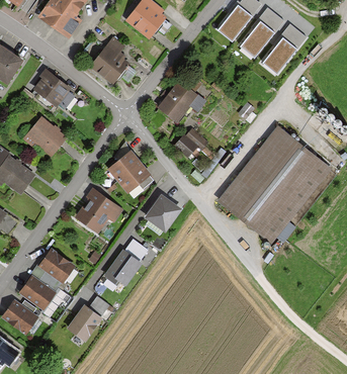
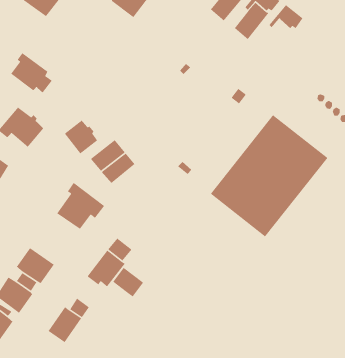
building: [90,37,125,82] -> none
building: [263,38,296,74] -> none
building: [158,80,203,121] -> none
building: none -> [64,119,98,154]
building: [173,131,201,160] -> none
building: [145,197,180,233] -> none
building: none -> [112,267,144,298]

